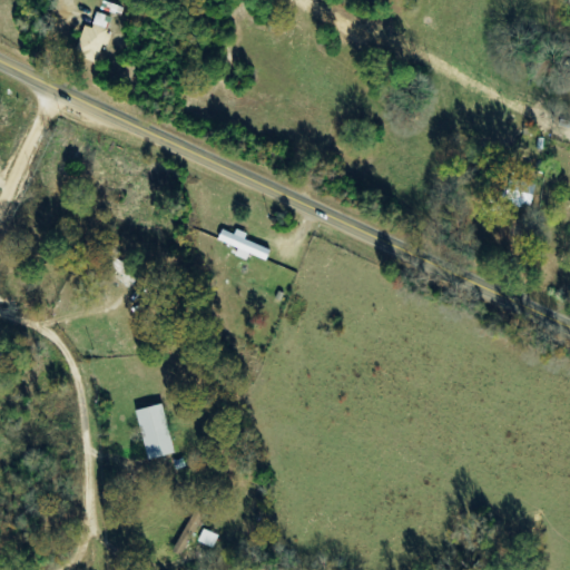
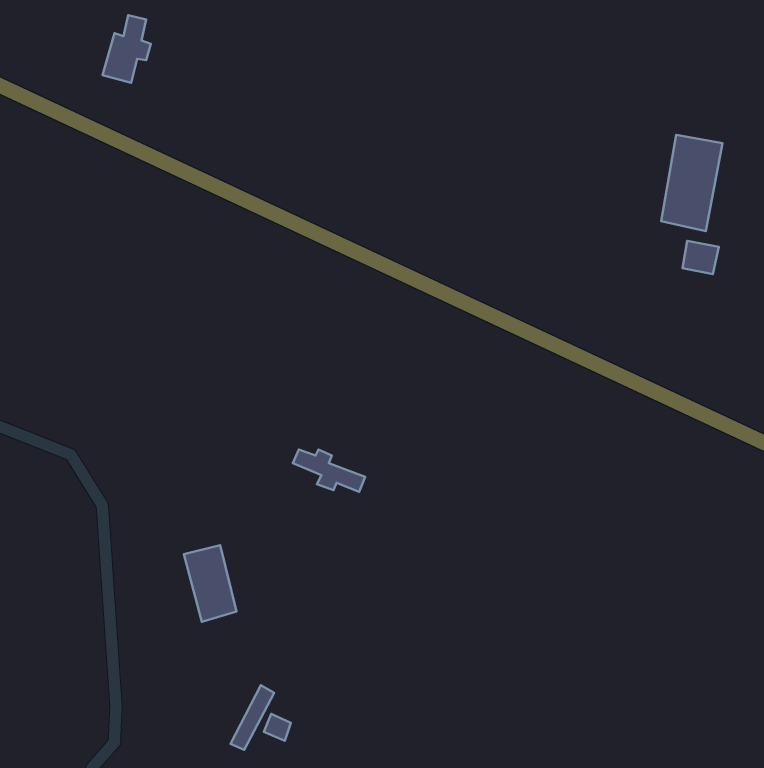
building: none -> [661,135,723,231]
building: [217,229,271,261] -> [293,450,365,492]

